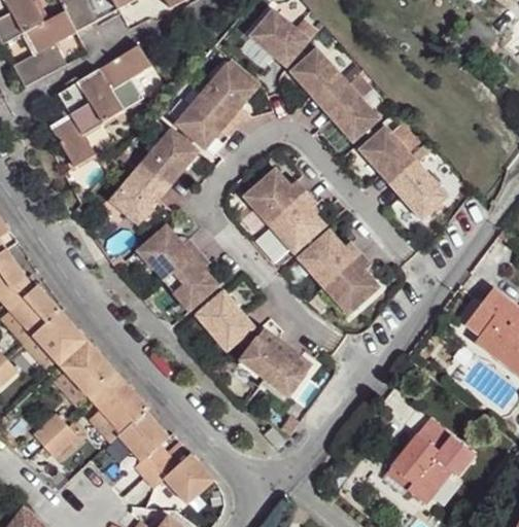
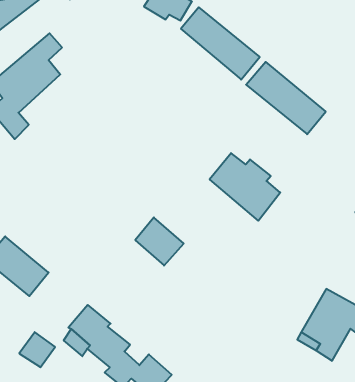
building: [175,63,256,147] -> none
building: [110,127,198,222] -> none
building: [241,165,324,251] -> none
building: [135,224,215,309] -> none
building: [240,328,313,397] -> none
building: [65,345,117,397] -> none

